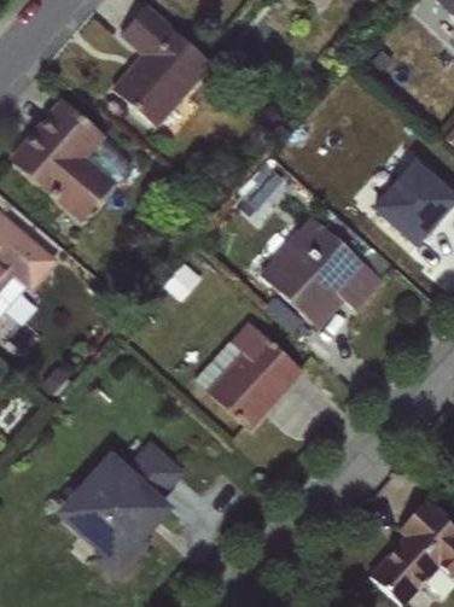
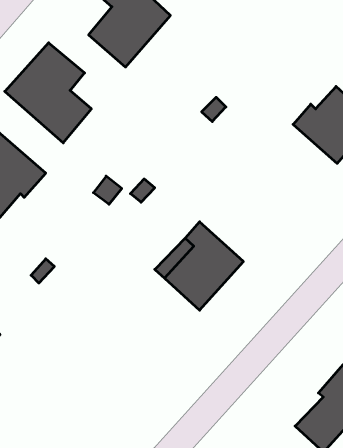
building: [258,215,384,328] -> none
building: [56,442,185,580] -> none

